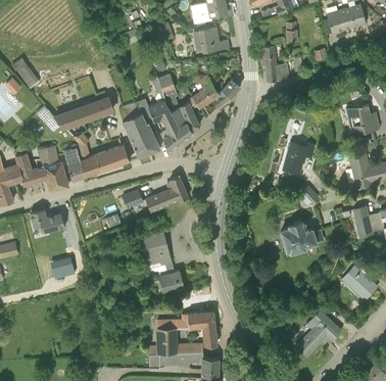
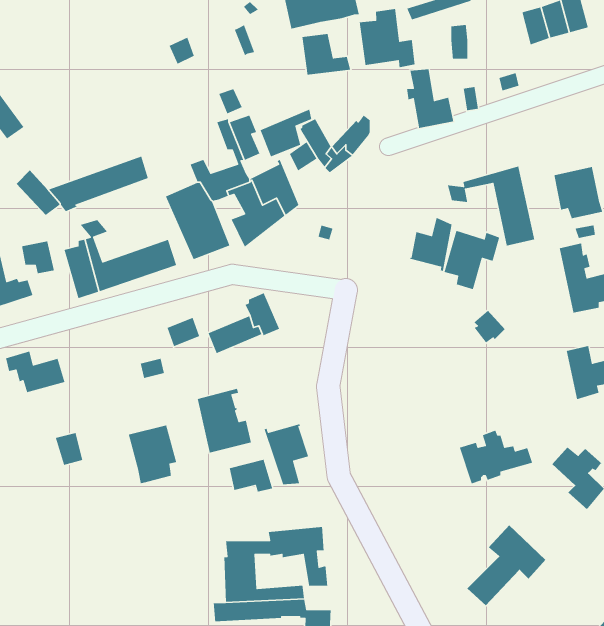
building: none -> [359,8,416,68]
building: none -> [259,109,312,158]
building: none -> [447,165,535,246]
building: none -> [409,217,453,272]
building: [41,160,67,191] -> none
building: [280,221,323,252] -> [459,430,533,485]
building: none -> [263,423,309,485]
building: none -> [128,424,177,484]

